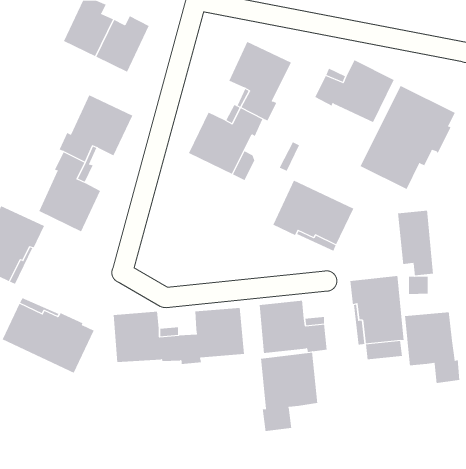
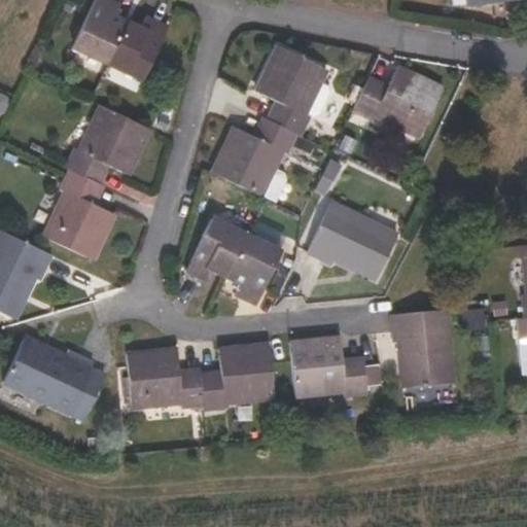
building: [360,85,456,190] -> none
building: none -> [186,218,282,304]
building: [398,210,433,276] -> none
building: [404,311,460,384] -> none
building: [261,352,318,432] -> none

